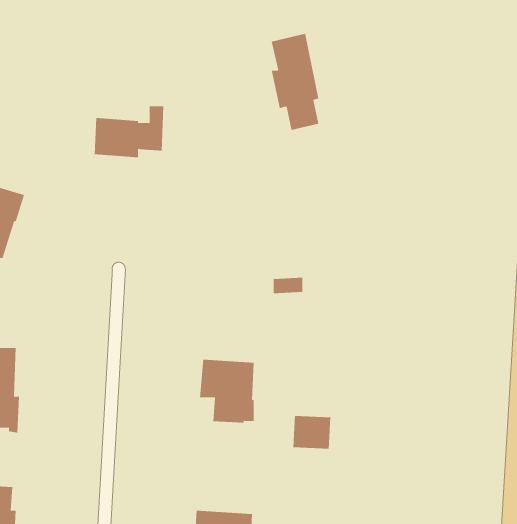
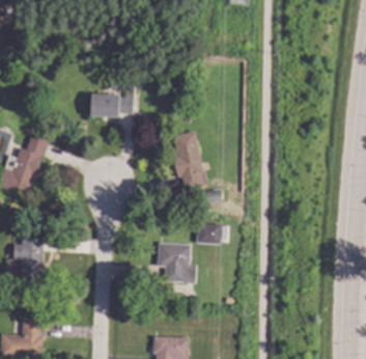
building: [271,33,319,130] -> [172,130,202,190]
building: [292,416,331,449] -> [196,222,220,243]

